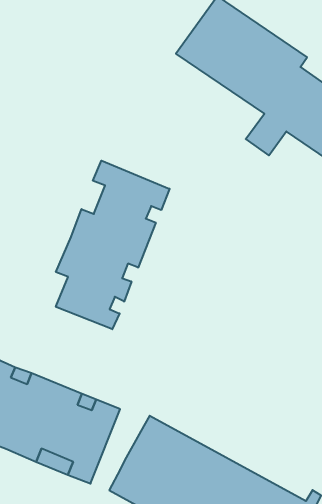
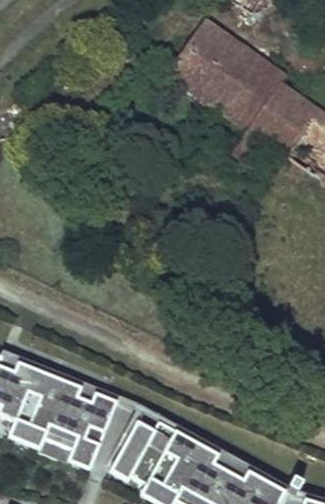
building: [56,161,170,329] -> none

